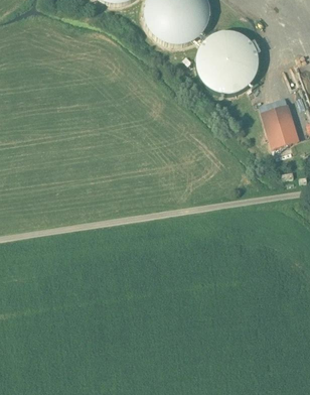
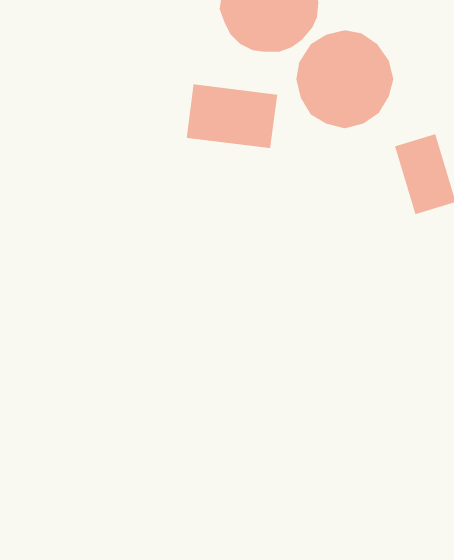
building: none -> [186,84,278,149]

